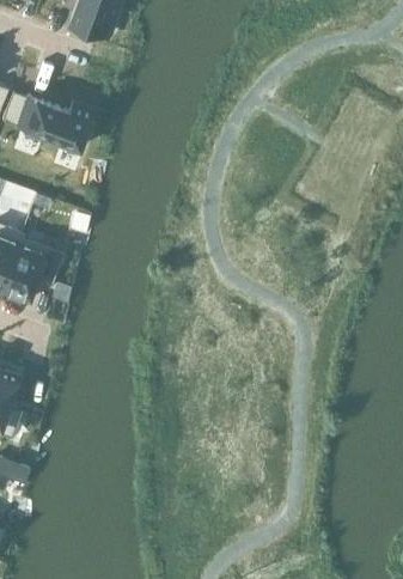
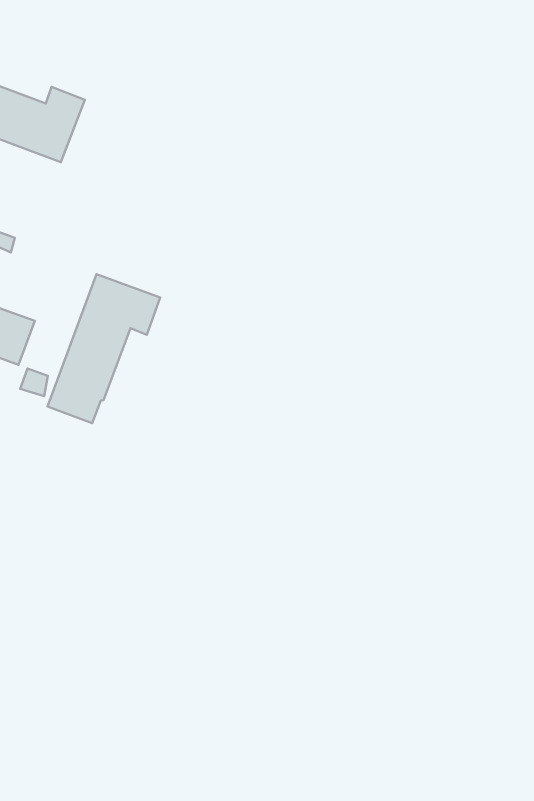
building: none -> [47,274,160,423]

